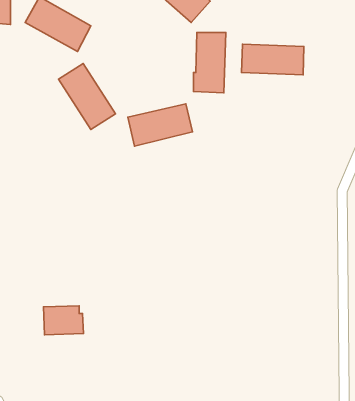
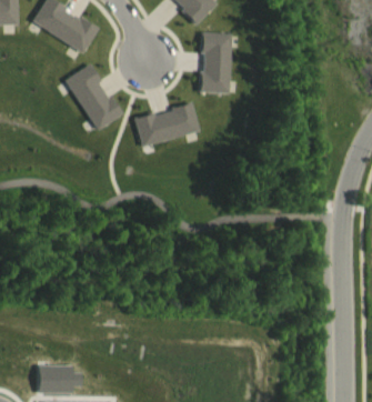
building: [242,44,304,75] -> none
building: [43,306,84,335] -> [38,365,78,394]

